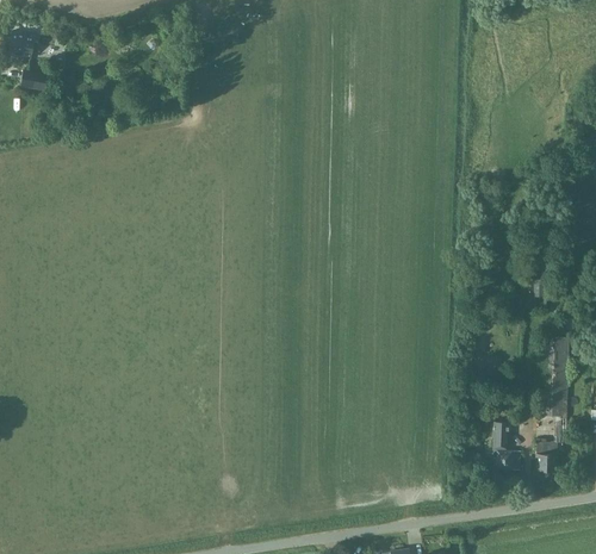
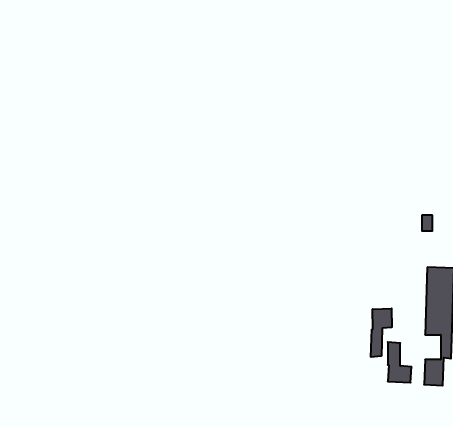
building: none -> [371,308,392,357]

